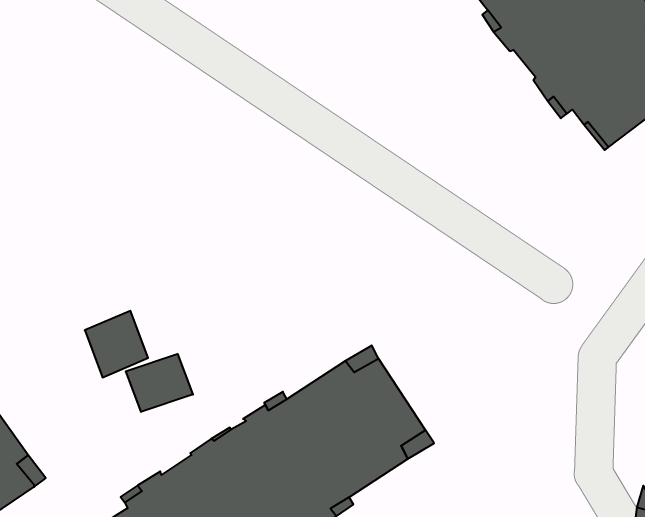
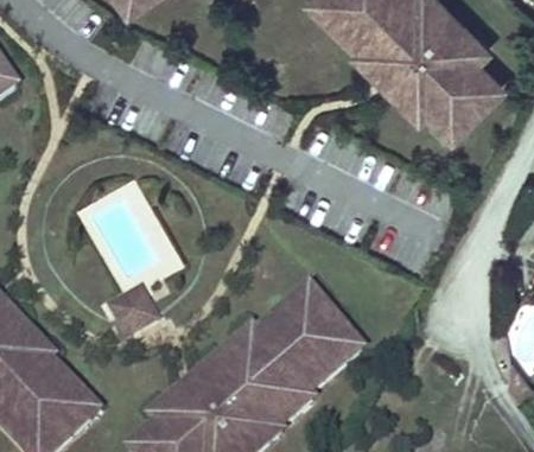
building: [126,354,193,412] -> none

